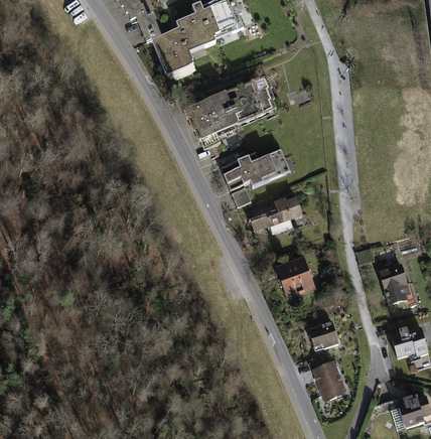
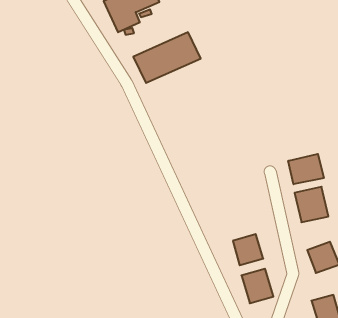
building: [219,149,287,206] -> none
building: [254,194,302,235] -> none
building: none -> [288,154,324,184]
building: [278,259,314,296] -> none

